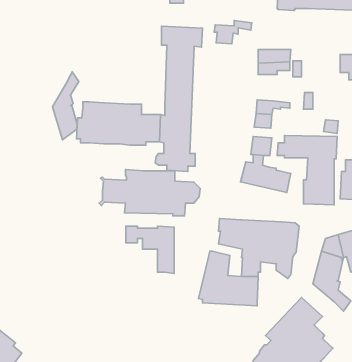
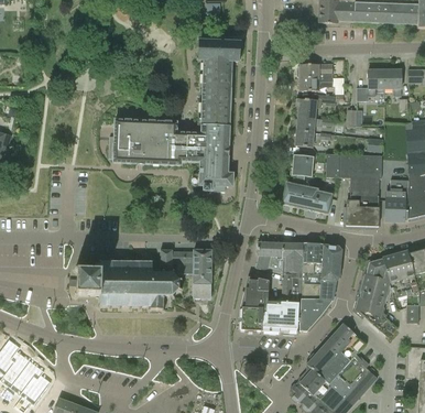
building: [214,21,252,44] -> [296,94,336,118]
building: none -> [357,69,385,100]
building: [52,72,79,140] -> none
building: [99,170,200,216] -> [74,260,179,308]
building: none -> [301,286,330,330]

